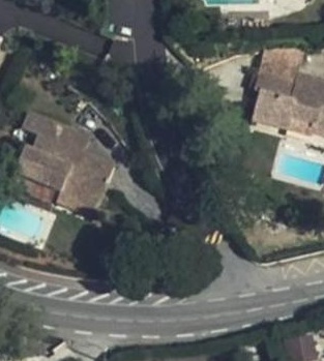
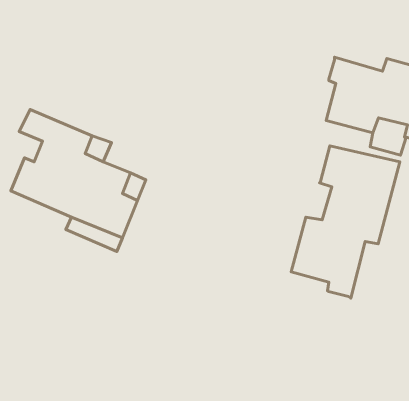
building: [258,48,304,81] -> none
building: none -> [291,146,400,298]

